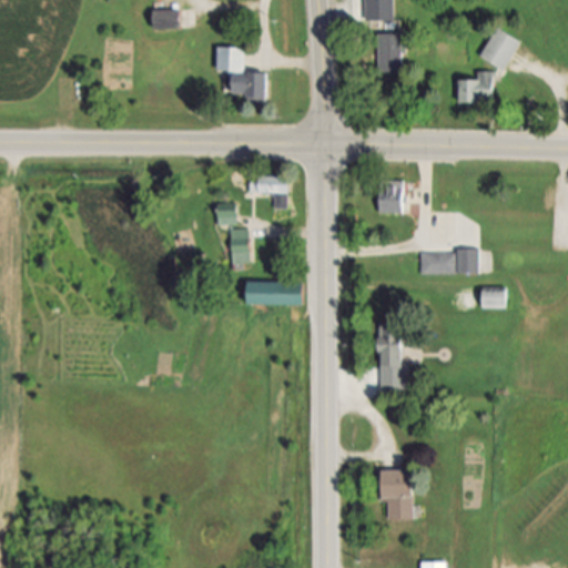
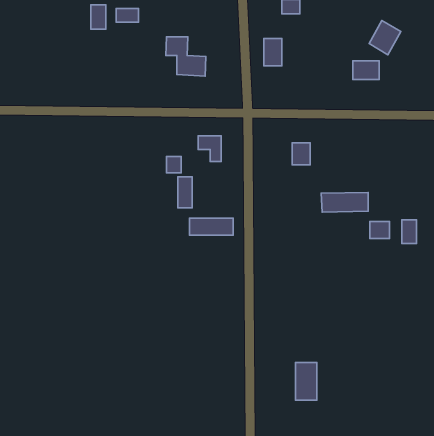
building: none -> [91,5,106,29]
building: [377,36,400,71] -> [264,38,282,66]
building: none -> [402,220,416,244]
building: [378,326,400,390] -> none

